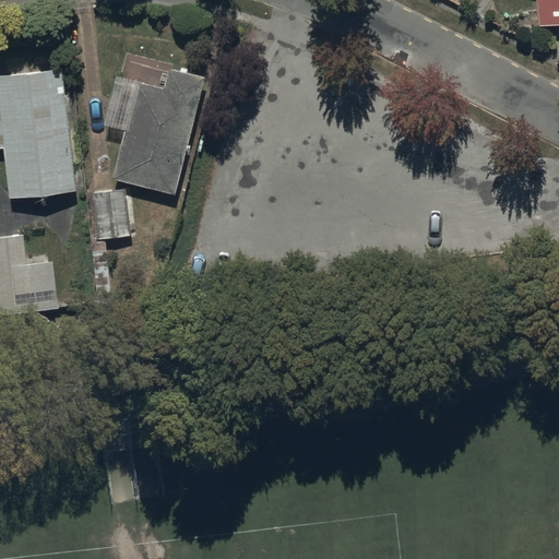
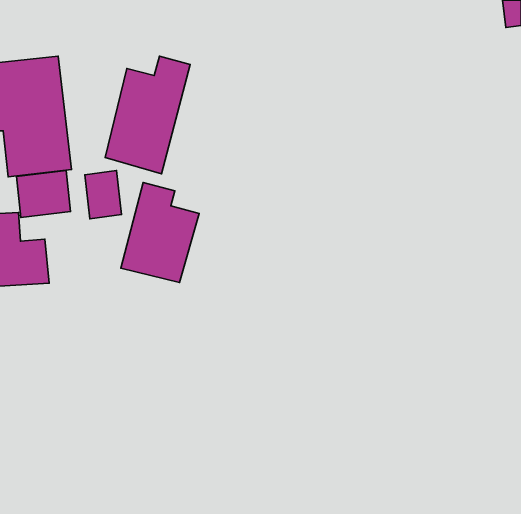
building: none -> [17,171,70,217]
building: none -> [121,183,199,282]

